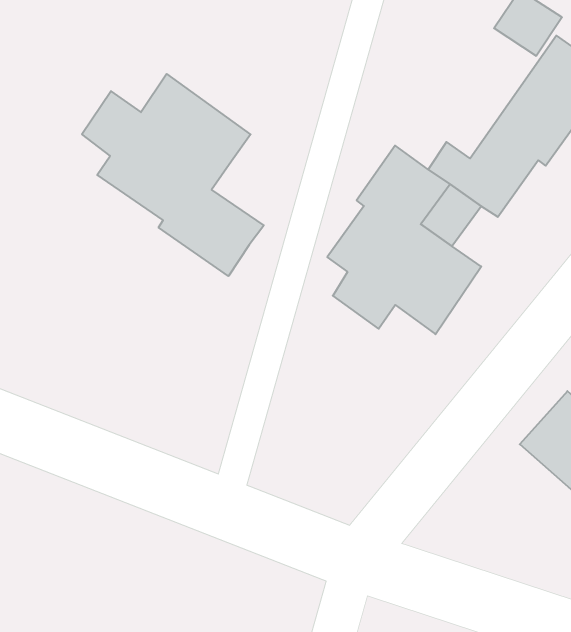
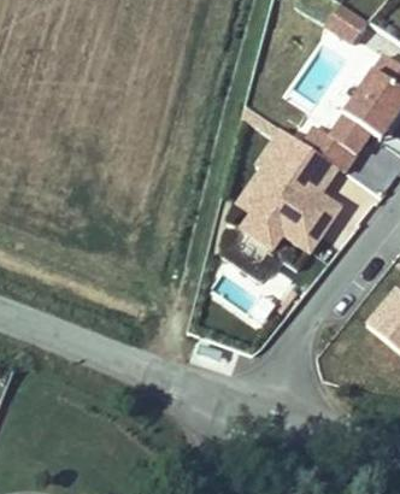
building: [82,74,264,276] -> none

